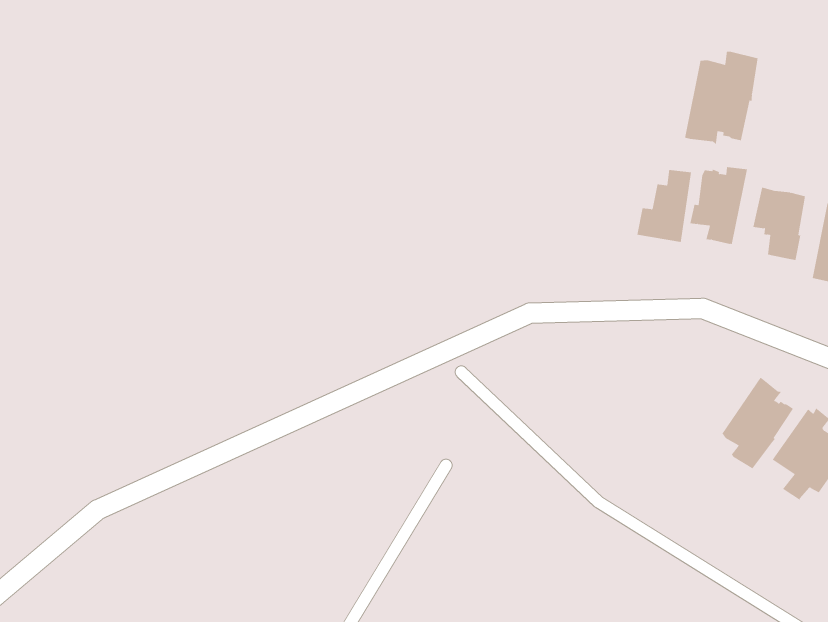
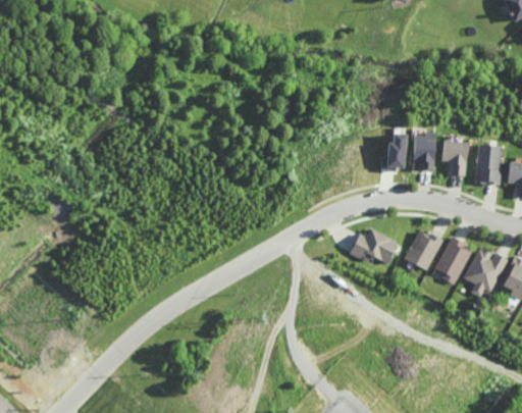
building: [685,51,758,145] -> none
building: none -> [348,227,399,264]
building: none -> [404,229,442,270]

